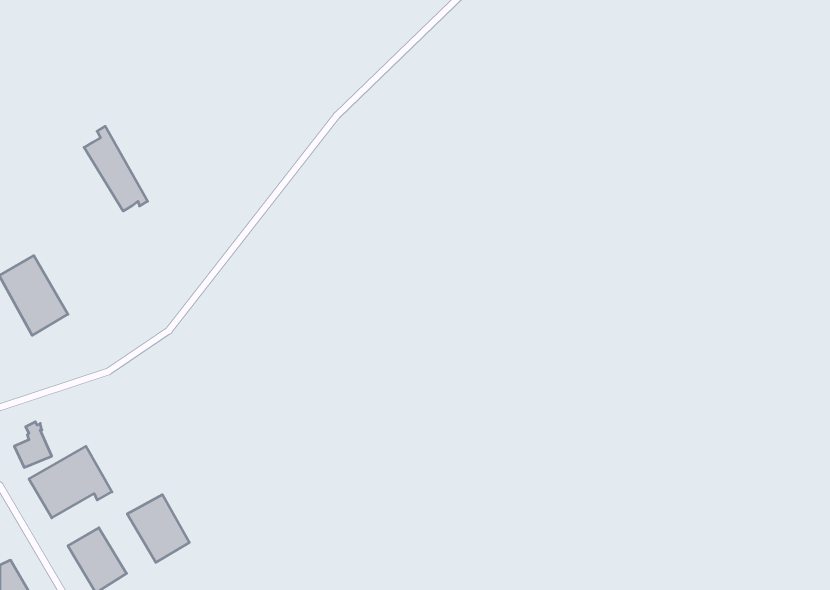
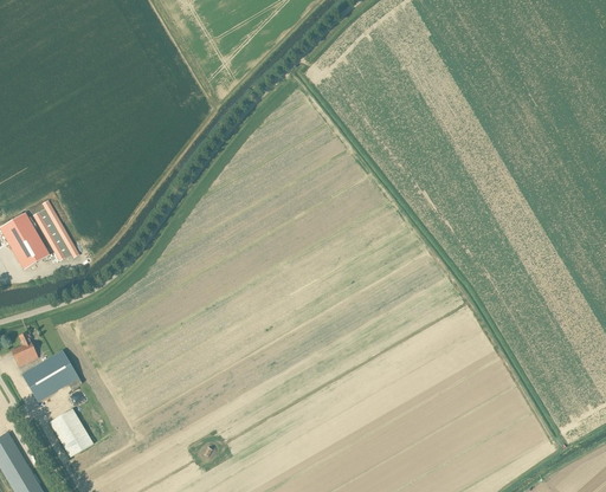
building: [84,126,148,211] -> [33,200,79,261]
building: [127,495,189,562] -> none

